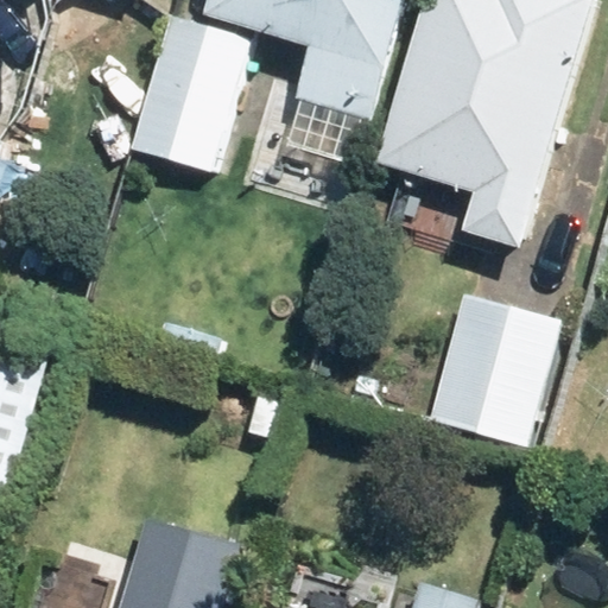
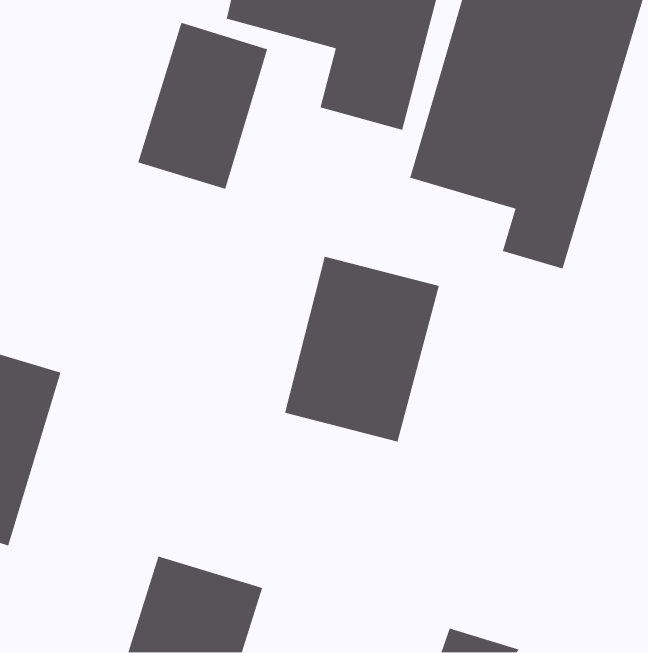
building: none -> [284,256,440,442]
building: [428,293,557,446] -> none

